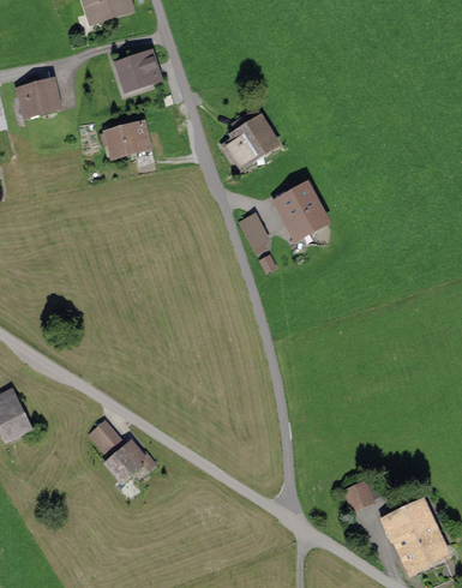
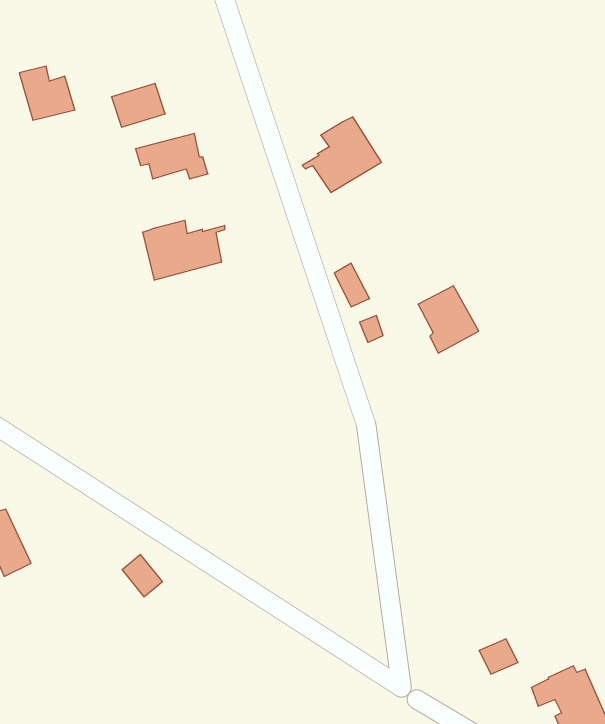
building: [121,56,160,88] -> [111,84,165,127]
building: none -> [143,220,225,280]
building: [281,188,324,236] -> [418,286,479,353]
building: [110,445,143,480] -> none

